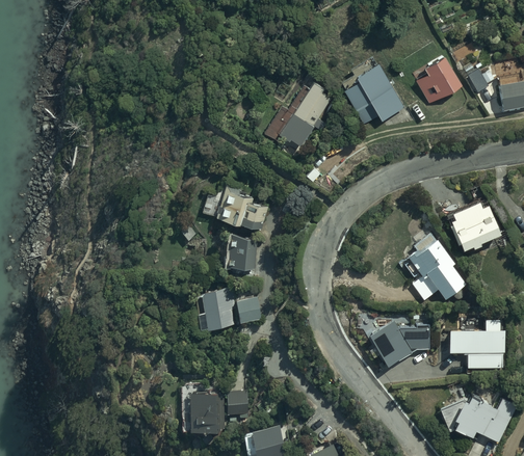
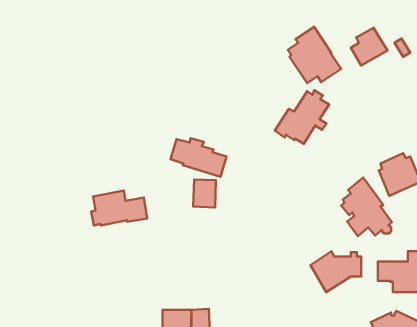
building: [267,82,332,145] -> [275,90,329,144]
building: [198,286,264,327] -> [91,190,147,225]

